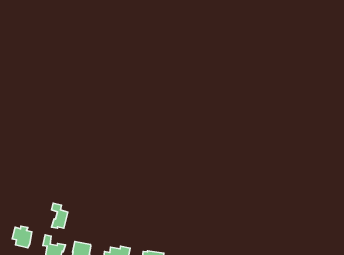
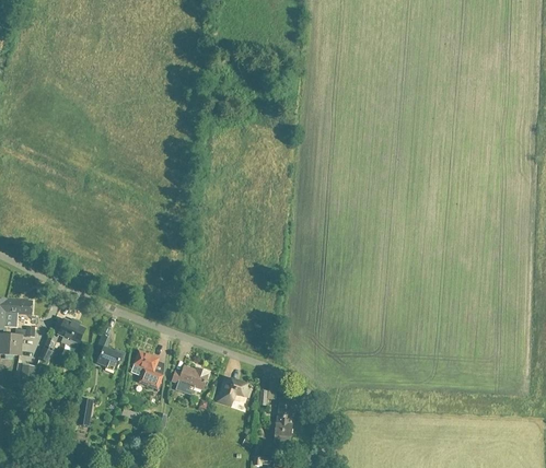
building: [51,203,68,228] -> none

